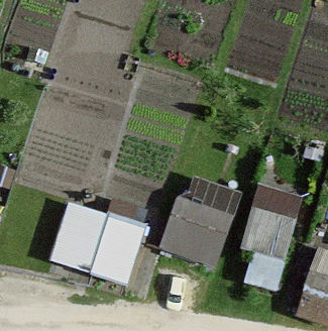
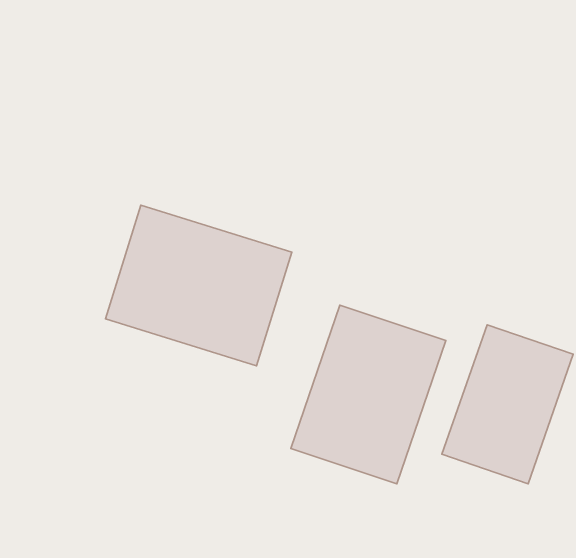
building: [47,202,143,285] -> [106,205,292,366]

